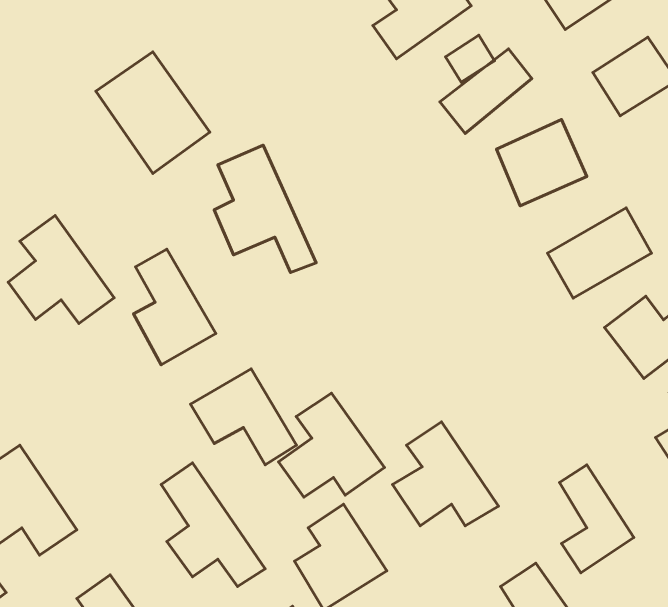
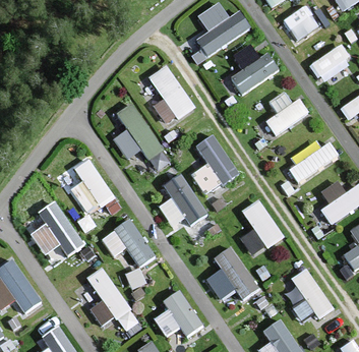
building: [96,52,210,174] -> [136,66,195,129]
building: none -> [191,134,240,196]
building: [8,216,114,323] -> [31,201,85,257]
building: none -> [241,199,285,250]
building: [278,393,384,497] -> [154,174,208,228]

